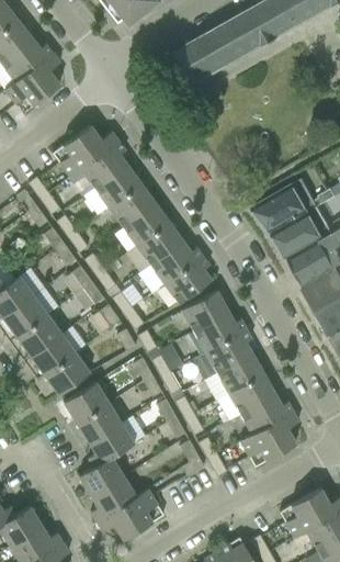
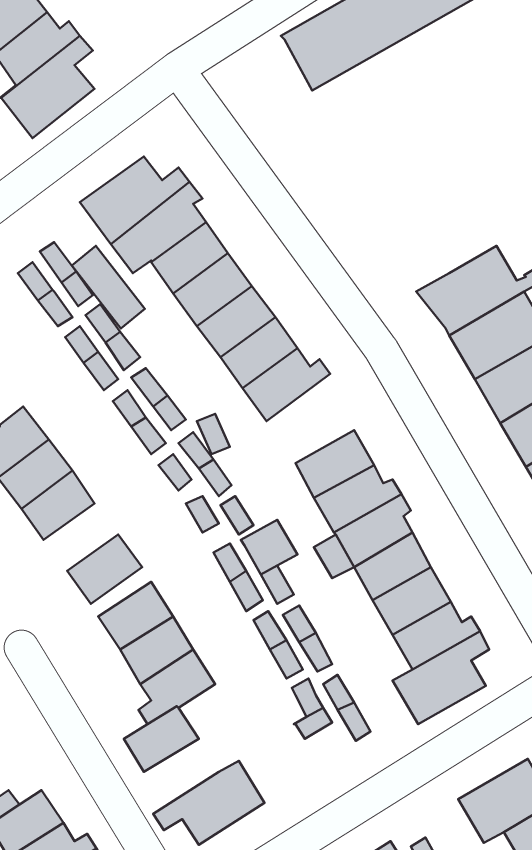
building: none -> [72,246,145,329]
building: [162,256,209,303] -> none
building: [29,334,73,374] -> none
building: [89,475,134,520] -> none

